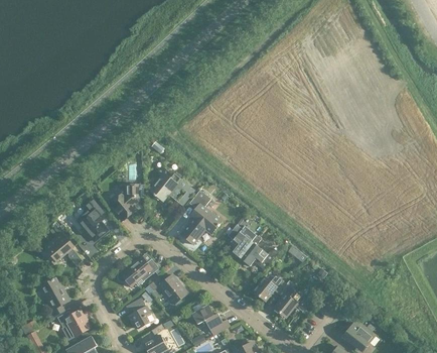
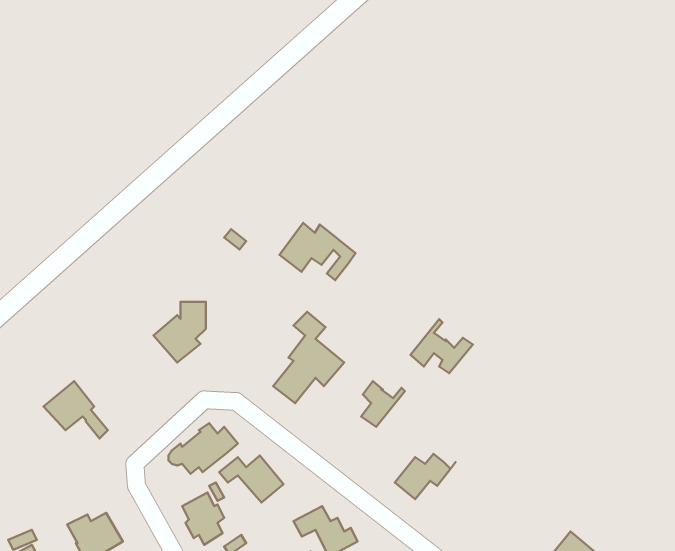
building: [149,171,194,206] -> [279,223,355,280]
building: [79,196,107,241] -> none
building: [241,237,278,269] -> [410,319,473,373]
building: [38,277,68,318] -> none
building: [272,279,297,318] -> none

